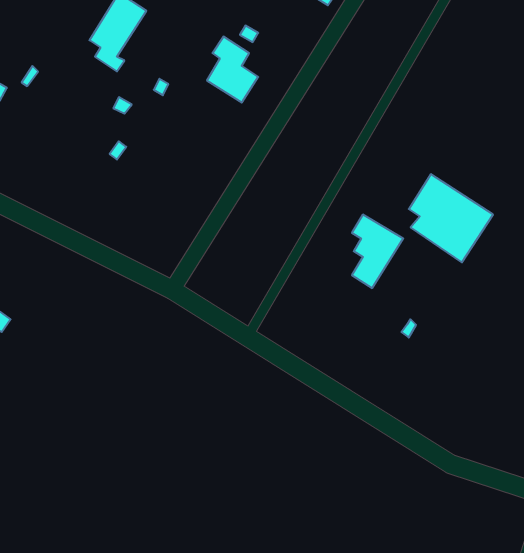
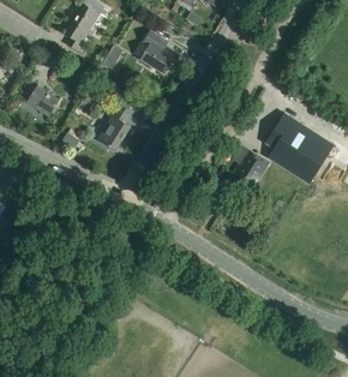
building: none -> [25,84,59,116]
building: none -> [97,103,130,150]

